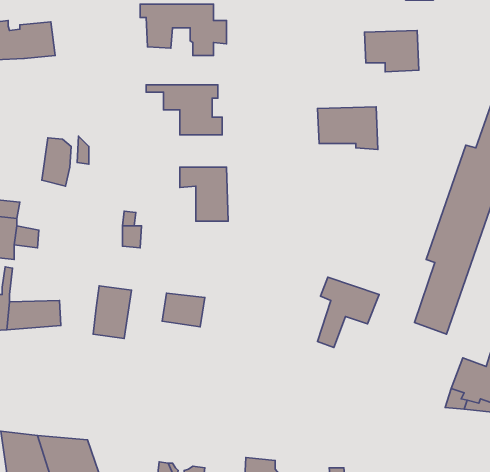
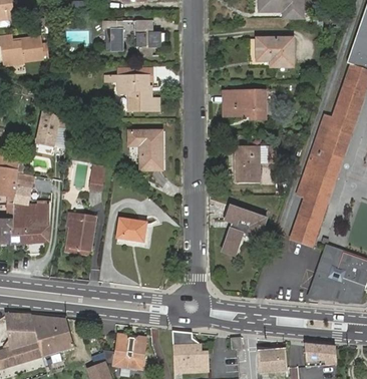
building: none -> [234,145,273,182]
building: none -> [12,195,46,224]

